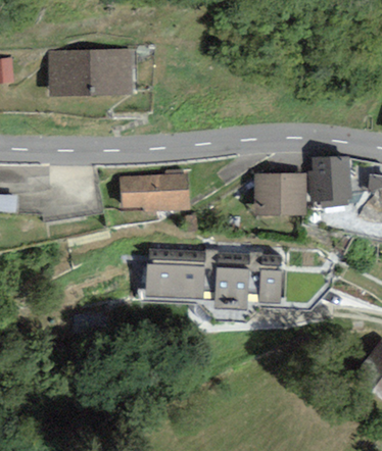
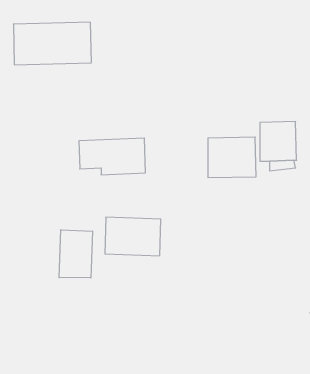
building: [214,259,247,309] -> none
building: [258,263,282,303] -> none
building: none -> [59,230,92,278]

